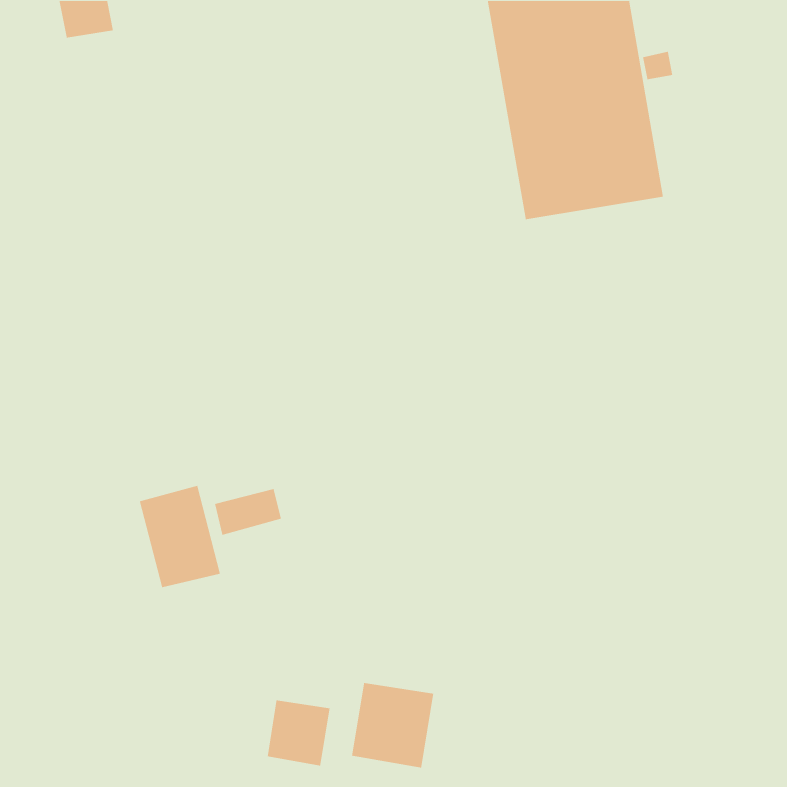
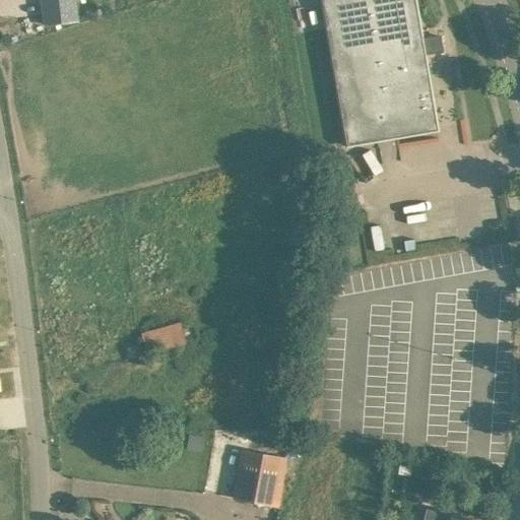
building: [139,485,221,588] -> none
building: [267,699,330,766] -> none

